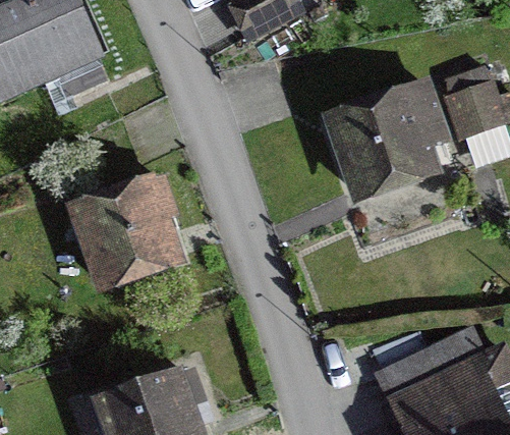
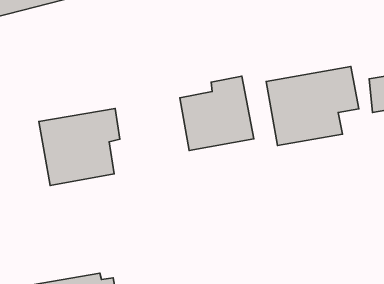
building: none -> [180,76,254,150]

